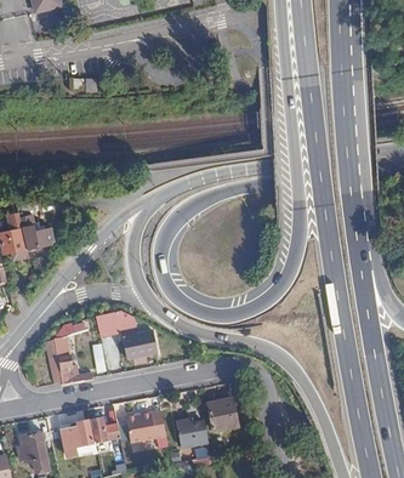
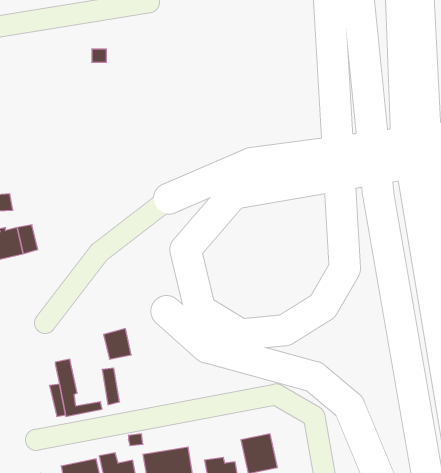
building: [120,326,158,357] -> none

